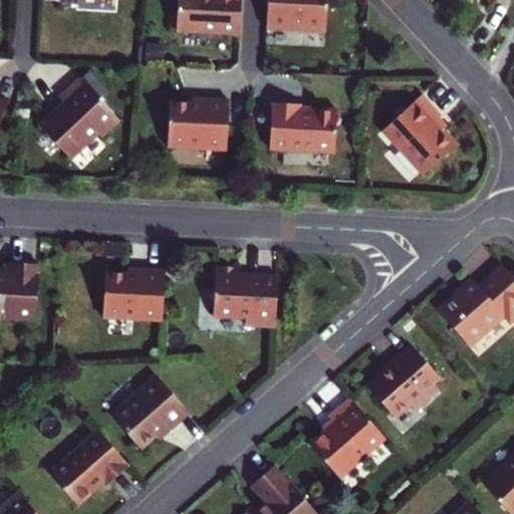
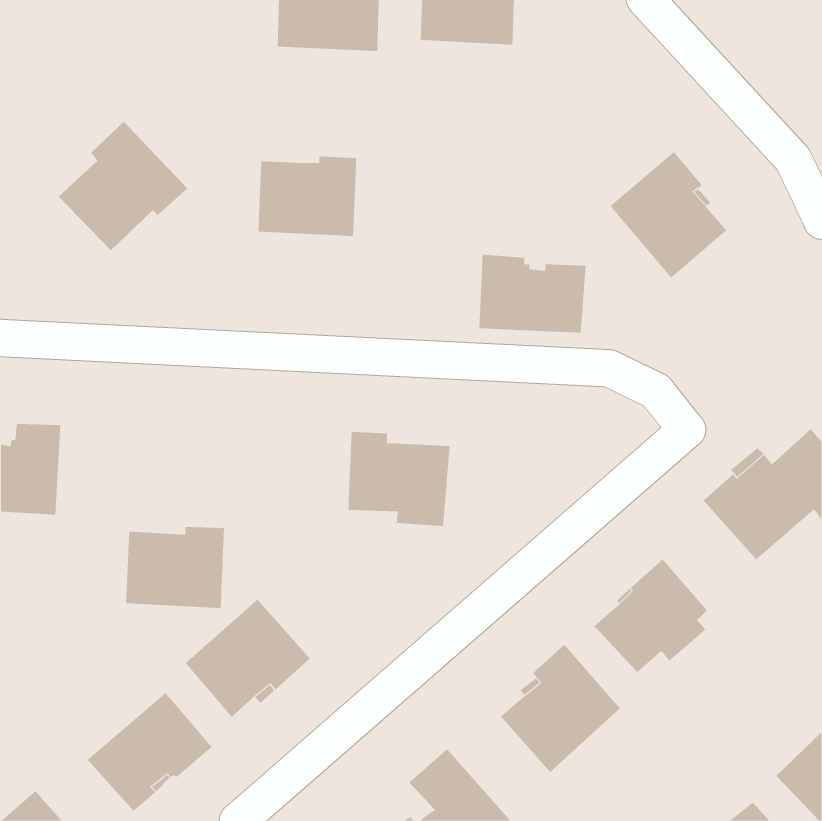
building: [266,101,333,151] -> [479,254,586,333]
building: [104,272,167,323] -> [125,526,225,608]

